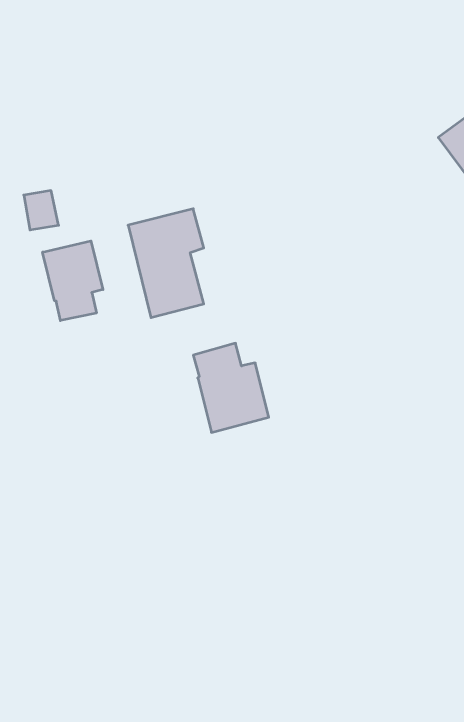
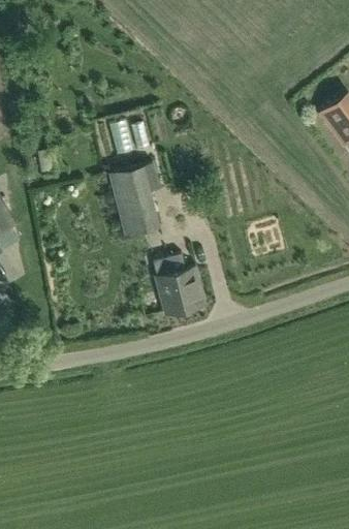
building: [43,241,103,321] -> none

